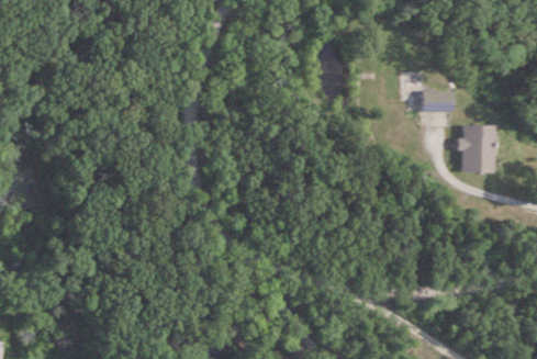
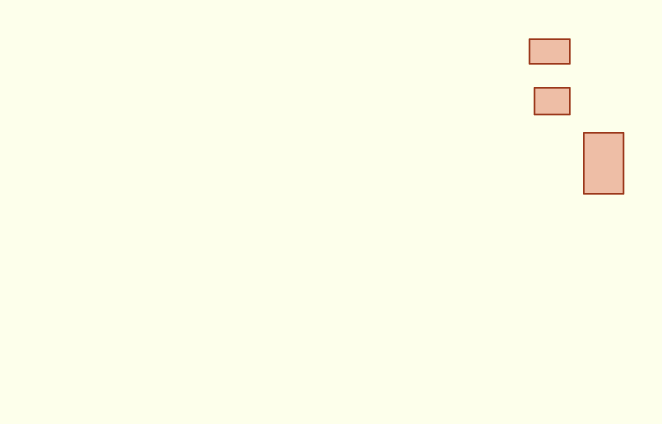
building: none -> [530,39,570,64]

